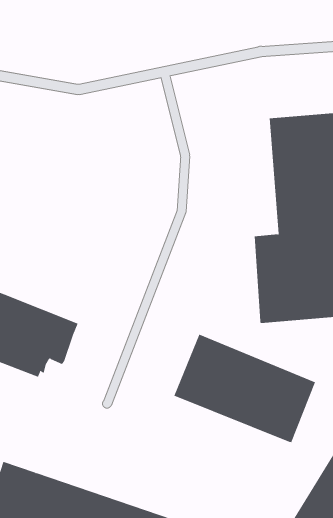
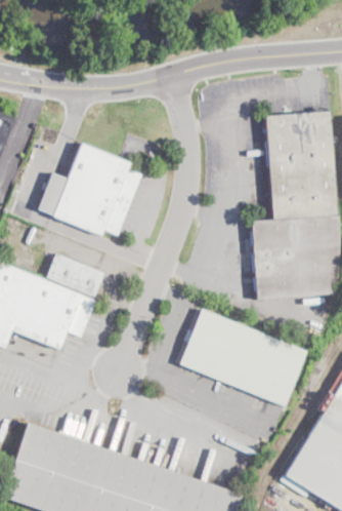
building: none -> [38,144,141,237]
building: none -> [47,254,103,298]

